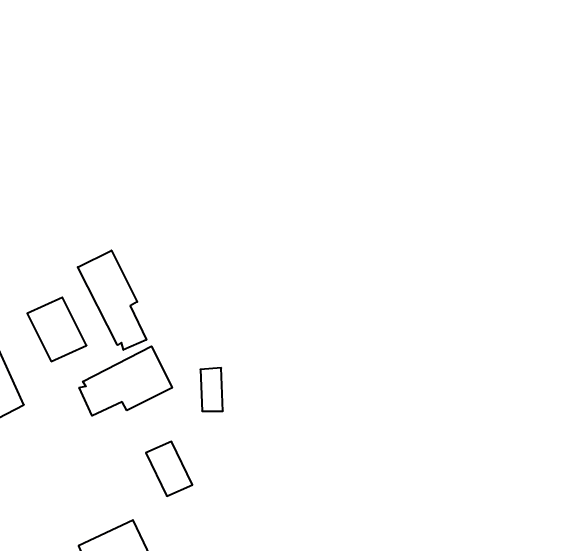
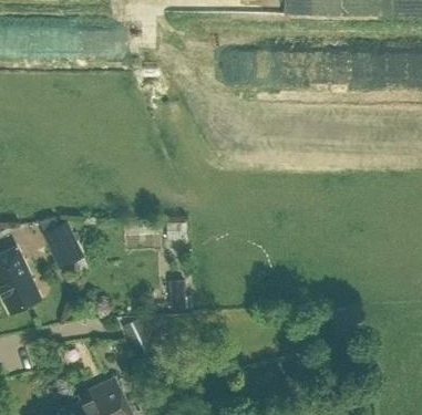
building: [78,250,146,350] -> none
building: [79,346,172,416] -> none

